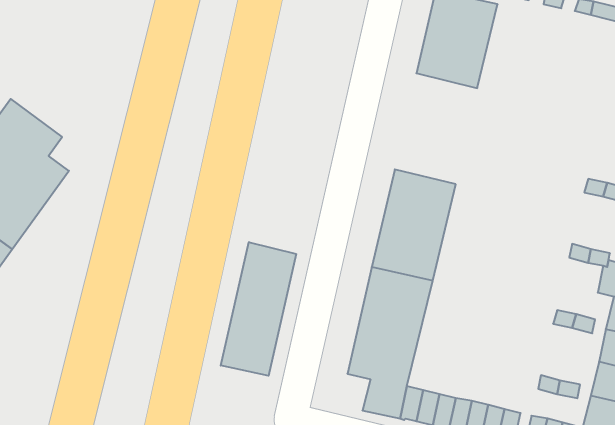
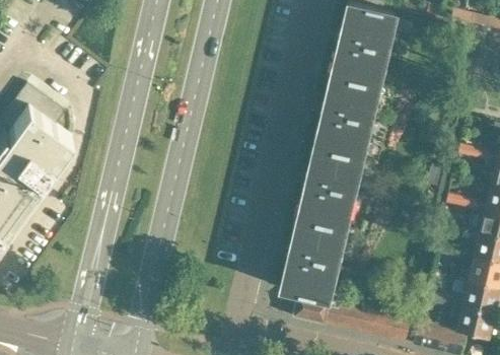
building: none -> [317,65,379,148]
building: [221,242,296,376] -> none

